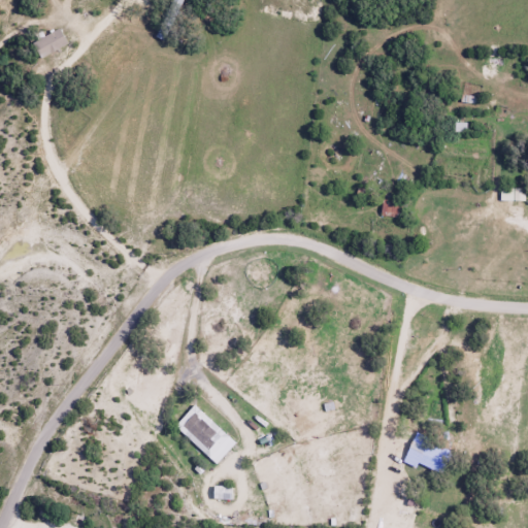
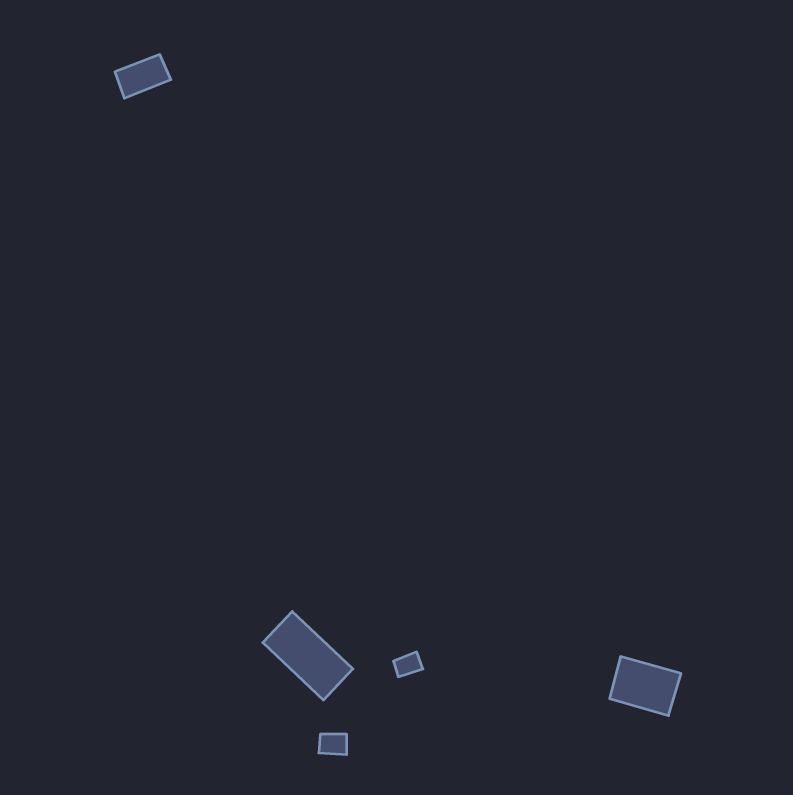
building: [32,30,69,59] -> [115,55,171,98]

